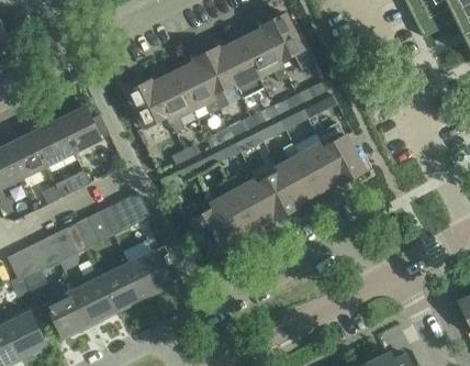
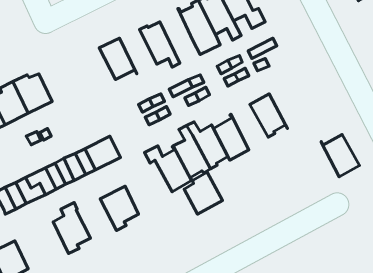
building: [193,46,234,109] -> none
building: [149,70,192,121] -> none
building: [57,103,110,153] -> none
building: [321,135,365,184] -> [321,135,359,177]
building: [277,156,320,208] -> none
building: none -> [184,172,222,214]
building: [100,264,146,309] -> none
building: [46,290,91,335] -> none

